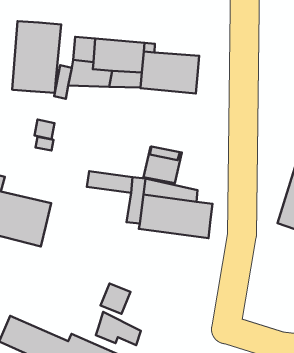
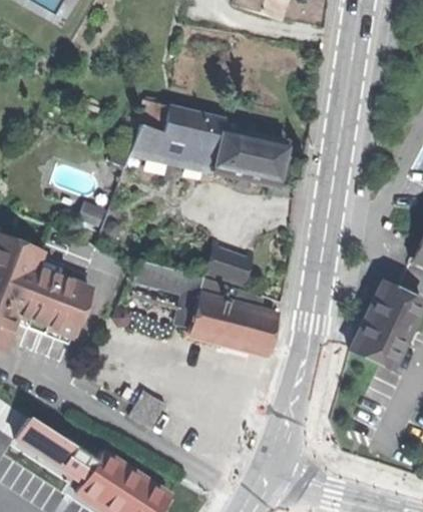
building: [12,21,61,93] -> none
building: [96,312,141,345] -> none

